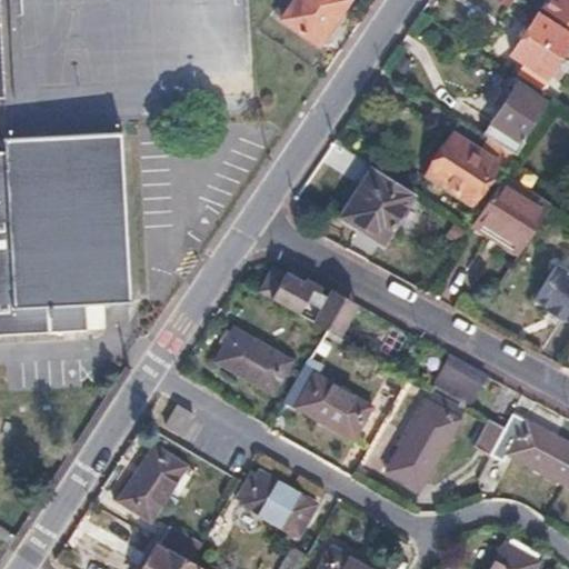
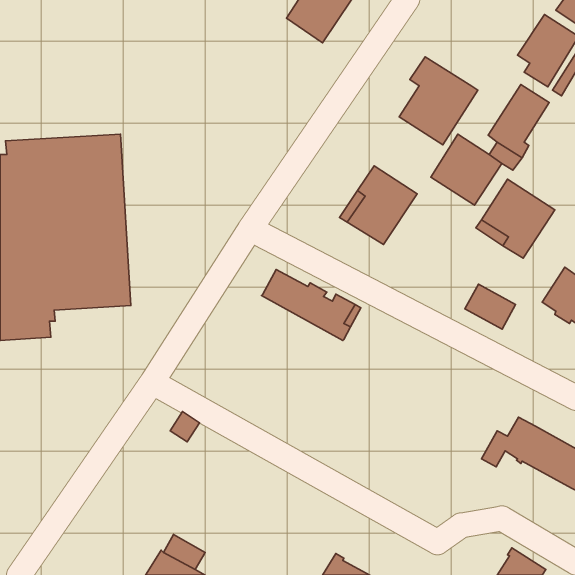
building: none -> [399,57,478,145]
building: [214,328,292,395] -> none
building: [435,356,485,400] -> [465,284,516,329]
building: [286,367,375,440] -> none
building: [387,398,462,491] -> none
building: [116,443,188,522] -> none
building: [240,471,318,538] -> none

